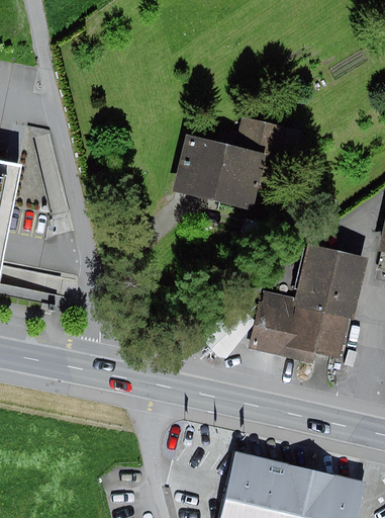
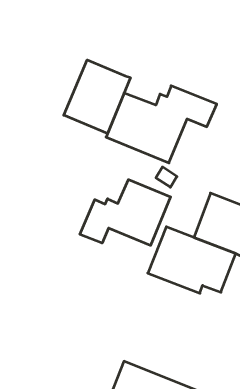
building: none -> [64,60,130,133]
building: none -> [80,180,171,245]

